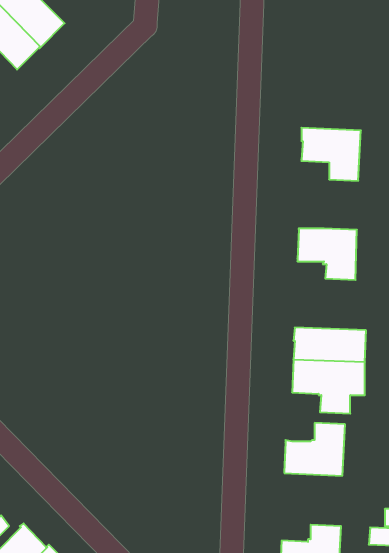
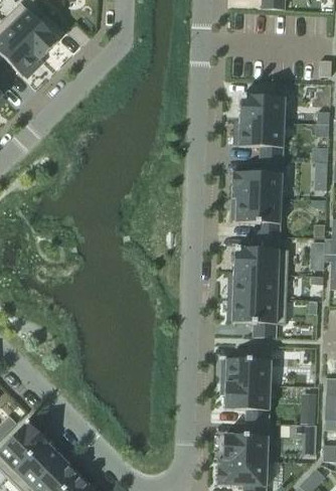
building: none -> [238,83,285,123]
building: none -> [231,160,282,198]
building: none -> [233,235,289,275]
building: none -> [224,382,270,424]

